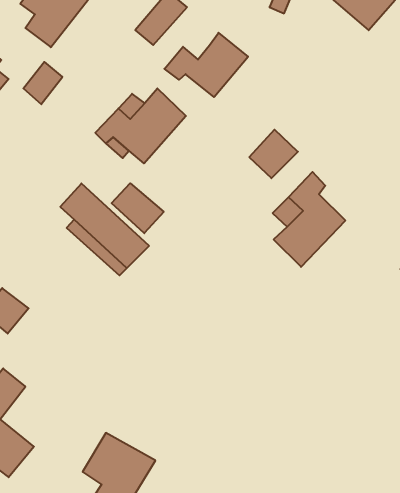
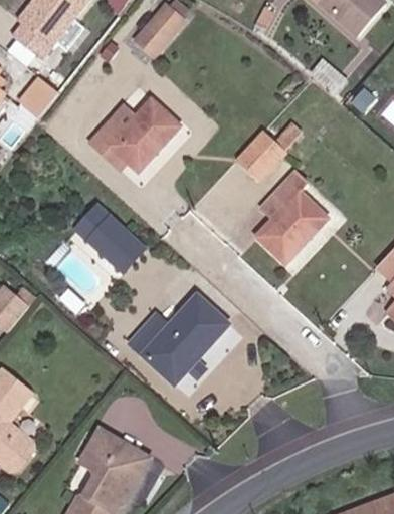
building: [164,33,248,97] -> none
building: [112,183,164,233] -> none
building: none -> [131,293,227,376]

